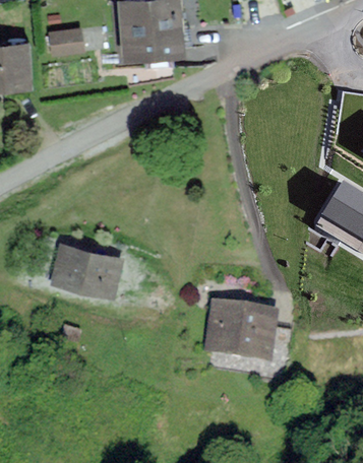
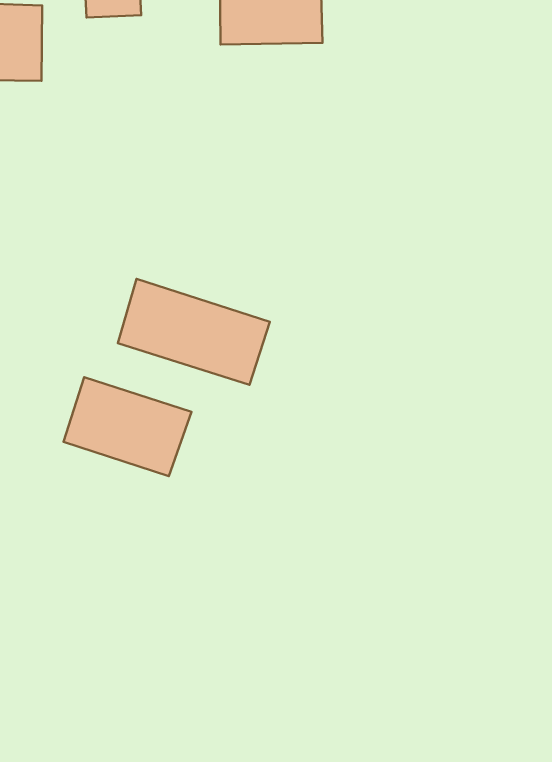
building: none -> [118,279,270,385]
building: [206,301,275,355] -> none

